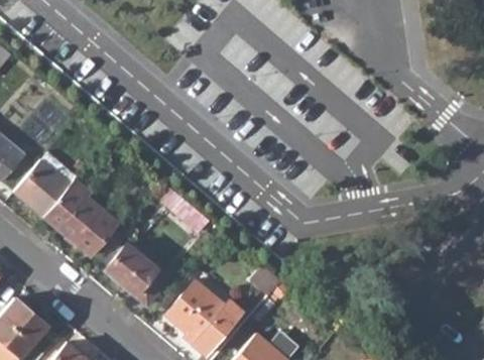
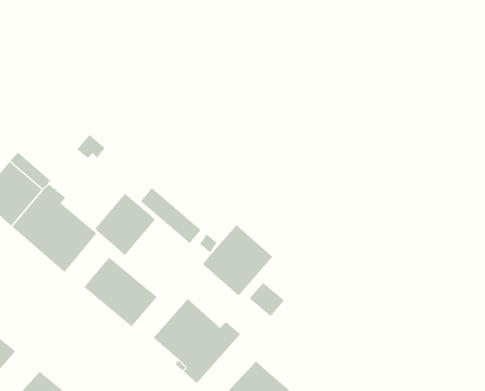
building: none -> [94,193,156,256]
building: none -> [202,224,273,297]

